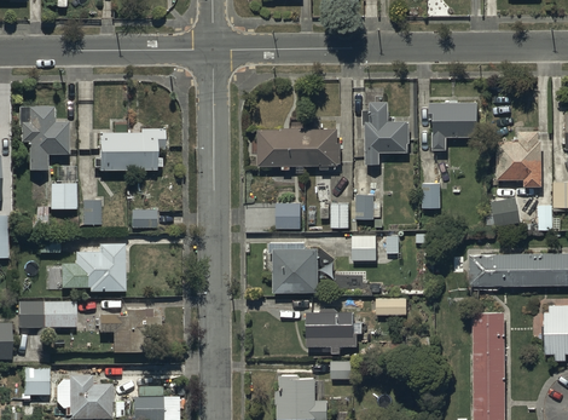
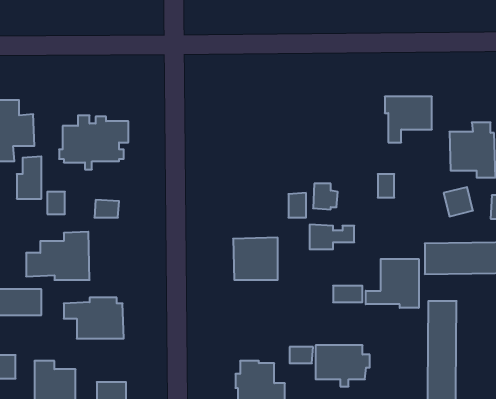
building: [363,92,408,165] -> none
building: [257,128,341,172] -> none
building: [276,202,300,229] -> none
building: none -> [366,259,419,308]
building: [306,311,361,353] -> [316,345,370,386]

